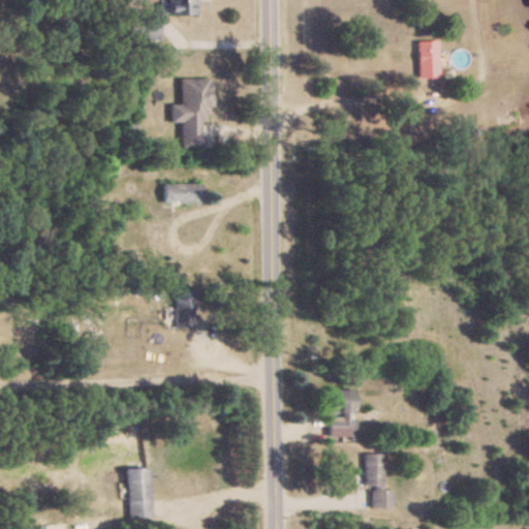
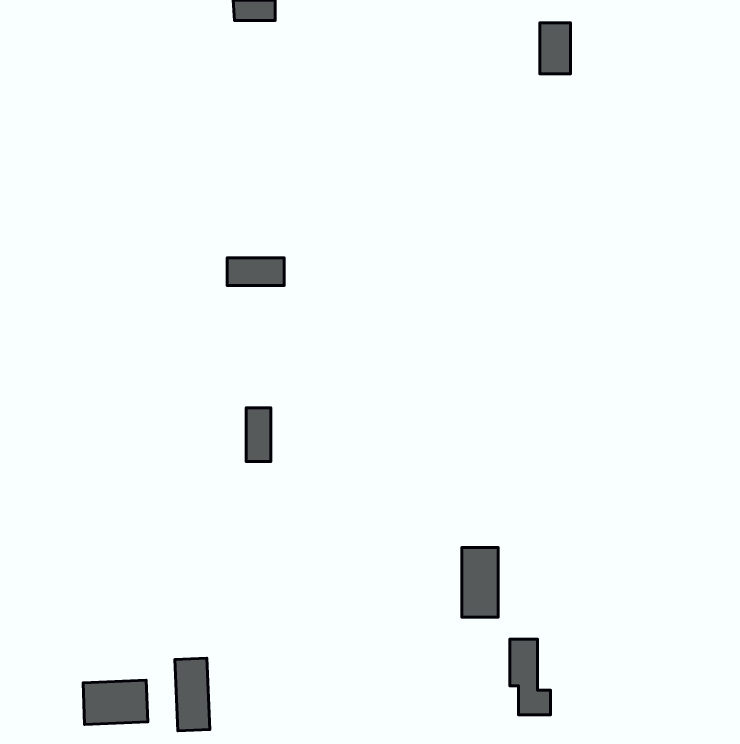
building: [419,40,441,76] -> [540,23,571,74]
building: [172,76,213,148] -> none
building: none -> [83,680,148,724]

